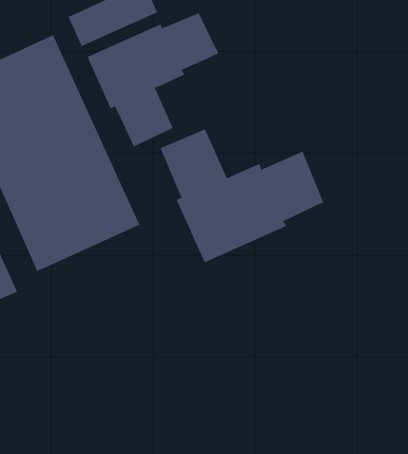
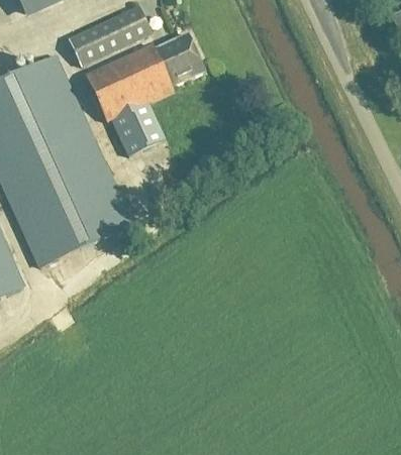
building: [160,129,324,263] -> none

